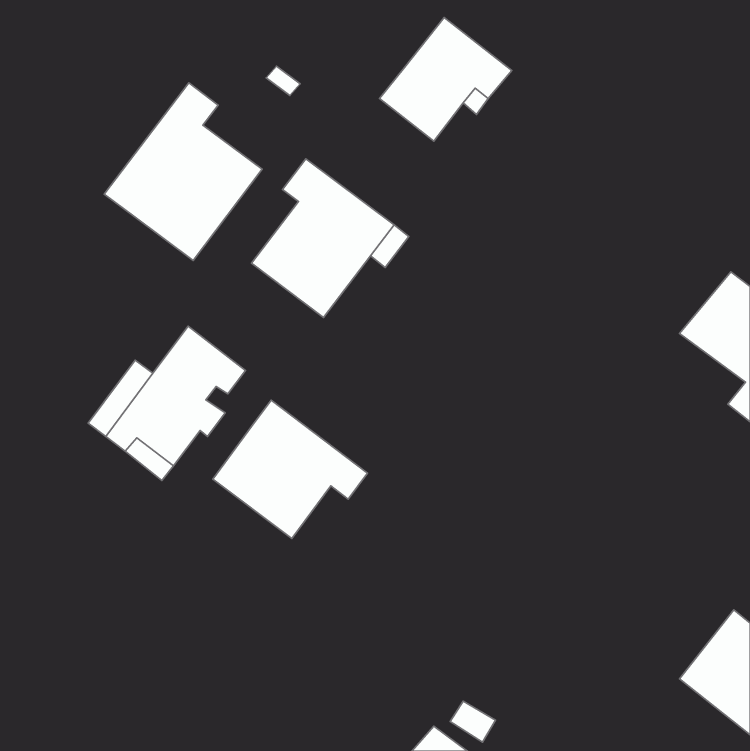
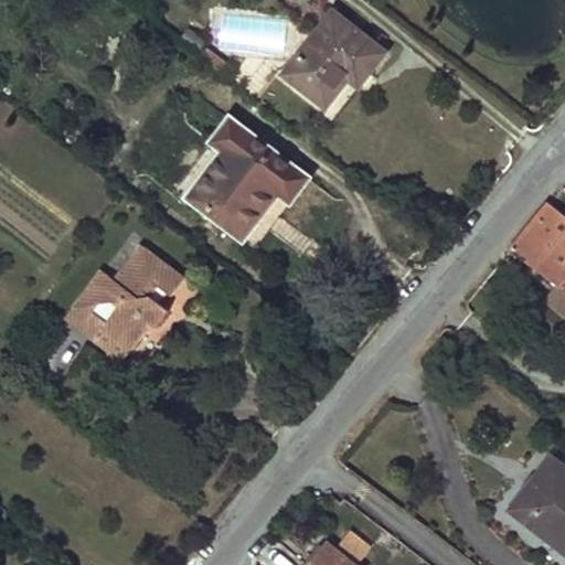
building: [104,83,262,260] -> none
building: [213,400,368,538] -> none

